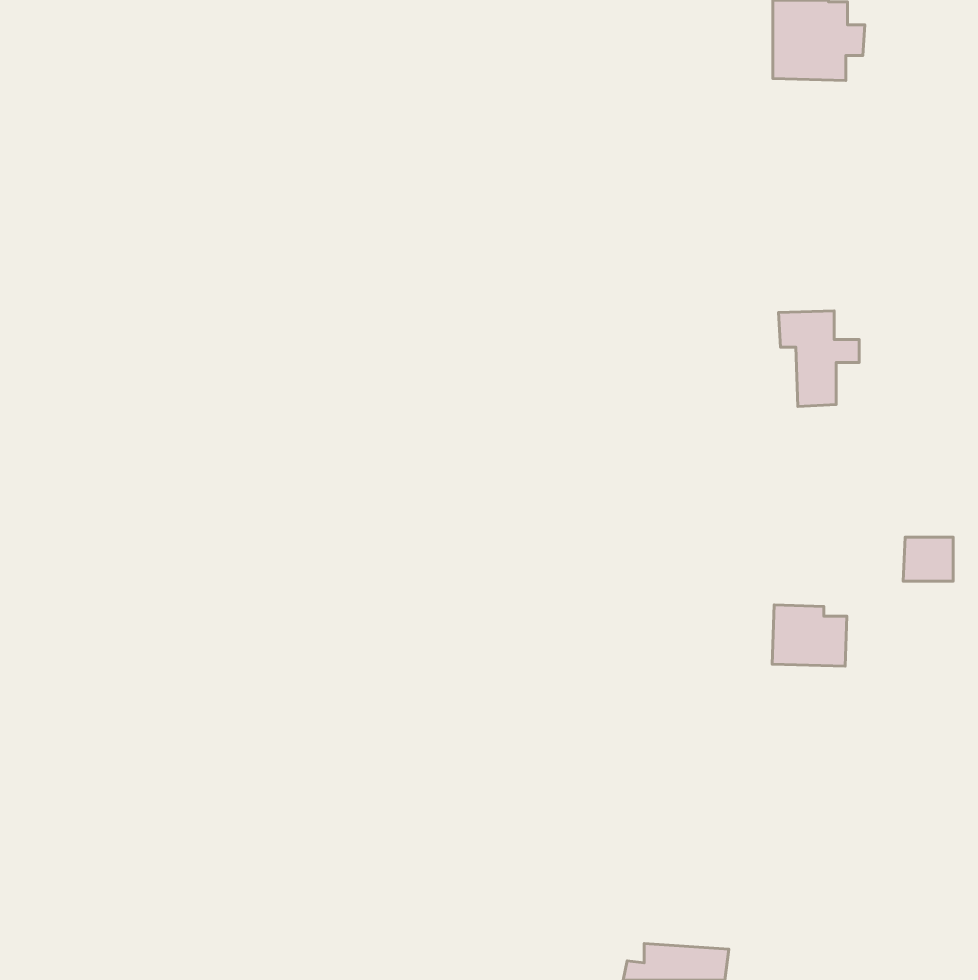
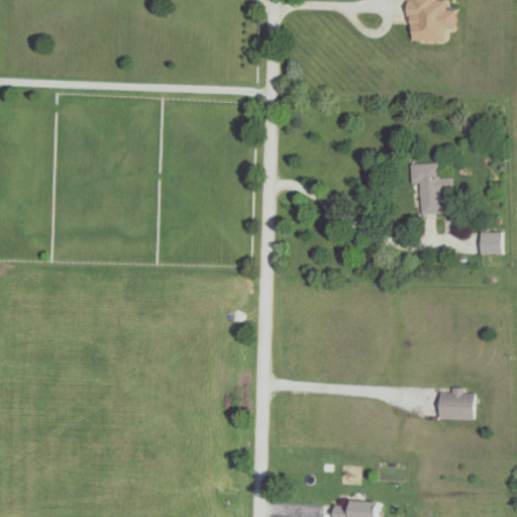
building: [903,537,953,581] -> [480,230,506,253]
building: [772,605,847,666] -> [437,387,477,419]

